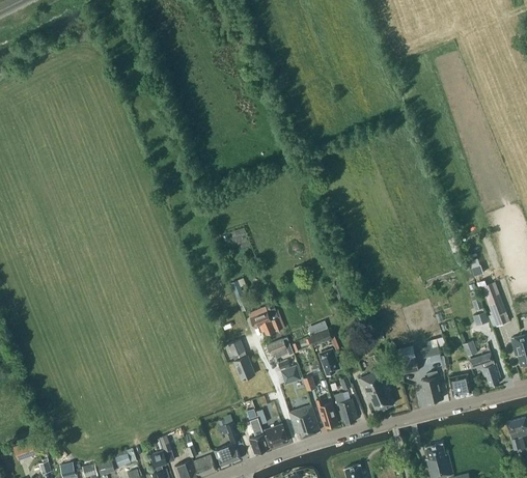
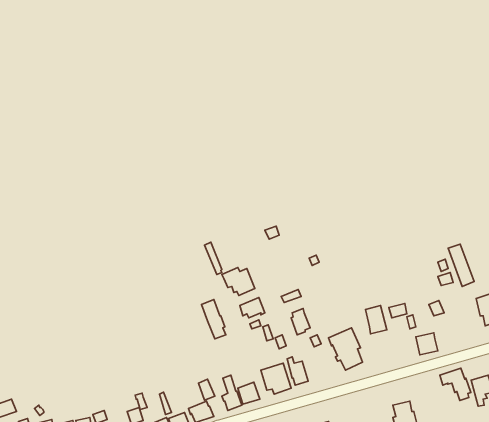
building: [469,353,501,386] -> [440,368,471,400]
building: [421,371,444,402] -> none
building: [335,392,358,424] -> none

